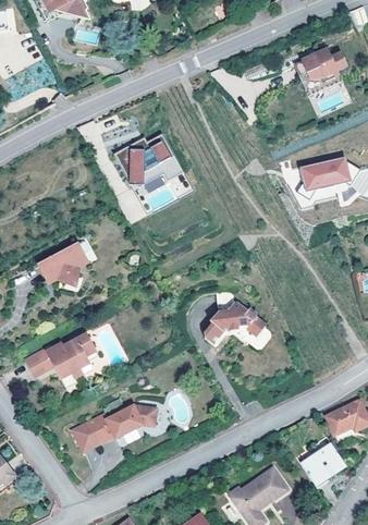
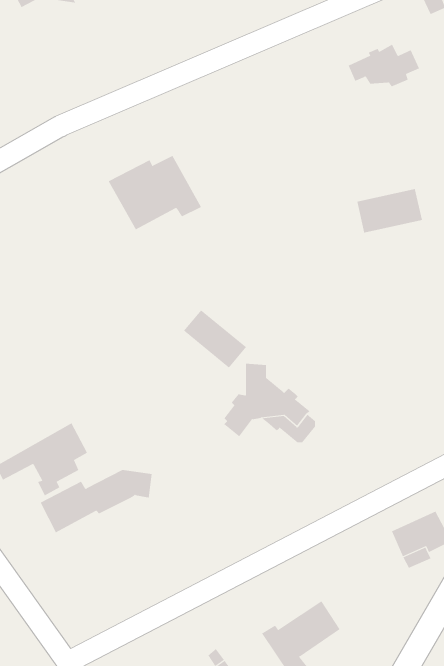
building: [38,241,82,284] -> none
building: none -> [183,309,247,368]
building: [71,404,156,452] -> [40,469,152,533]
building: [300,443,346,486] -> none

